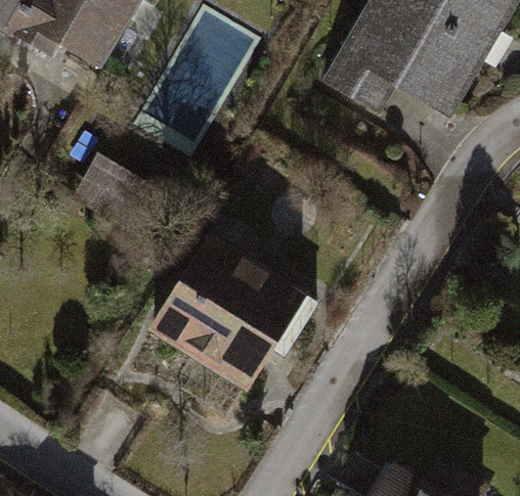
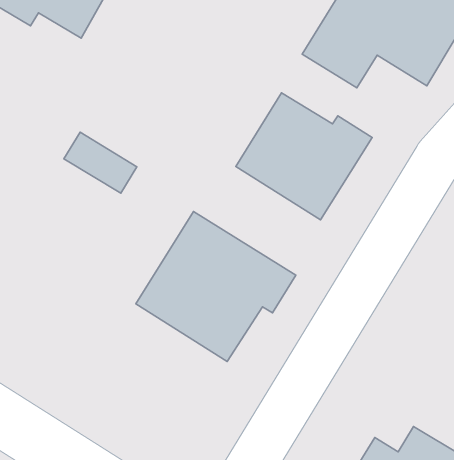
building: none -> [236,93,372,220]

